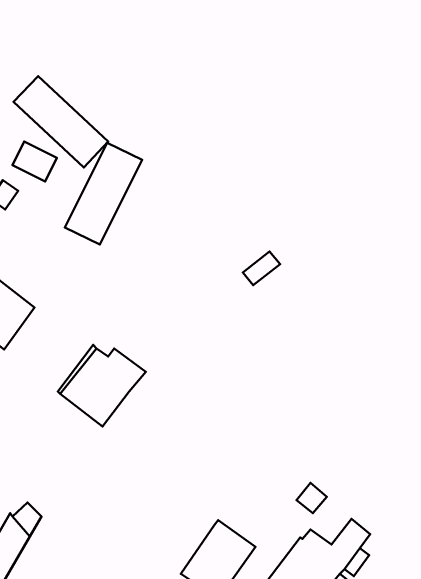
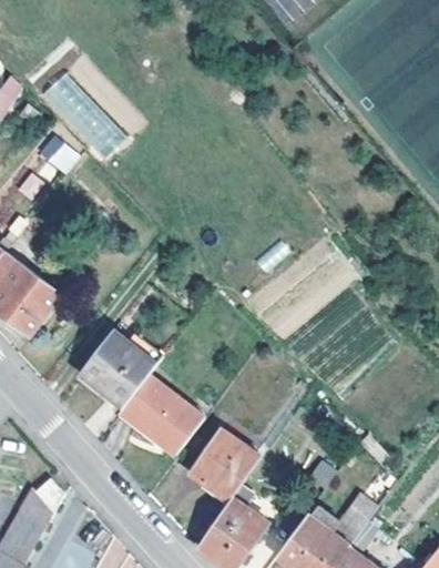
building: [65,143,142,244] -> none
building: none -> [119,374,204,456]
building: none -> [190,428,261,500]

